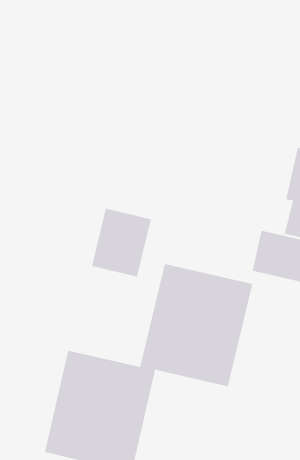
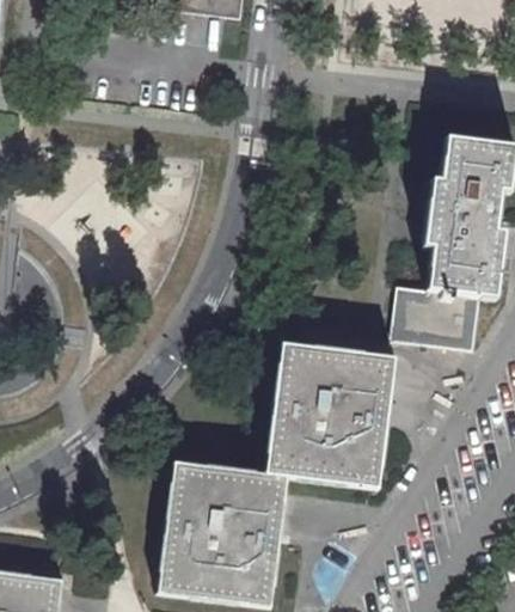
building: [92,208,151,278] -> none

